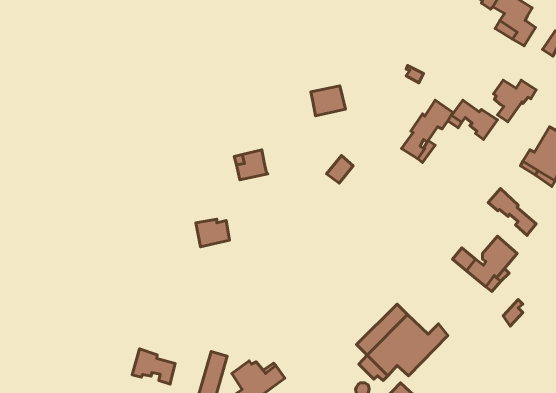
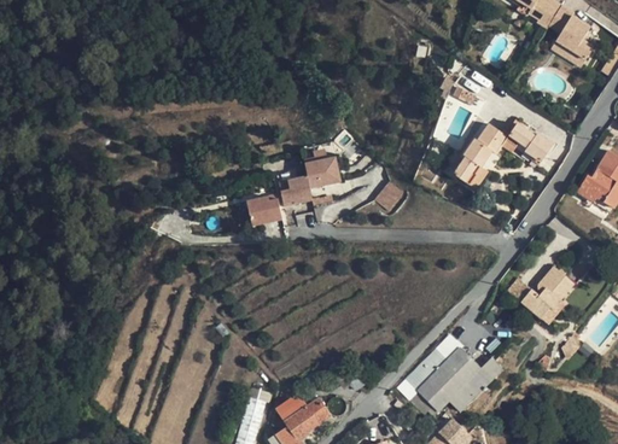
building: [493,80,536,122] -> none
building: [311,86,346,116] -> [304,157,340,188]
building: [488,189,536,235] -> none
building: [196,219,229,247] -> [246,197,281,226]
building: [132,349,175,384] -> none

